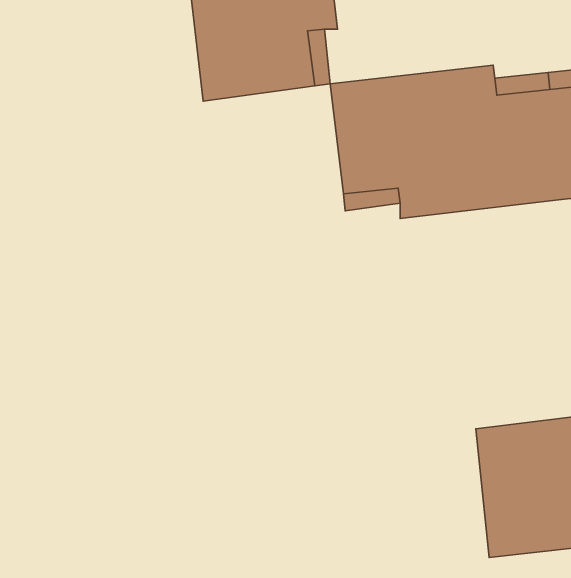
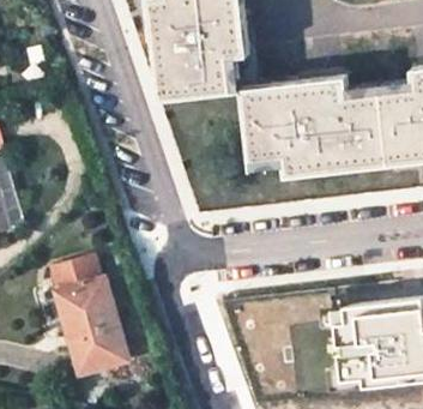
building: none -> [48,252,126,371]

